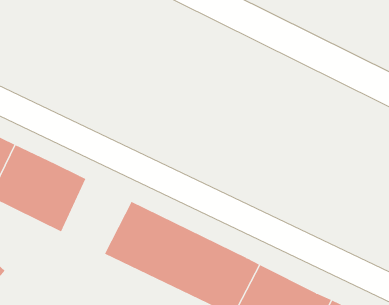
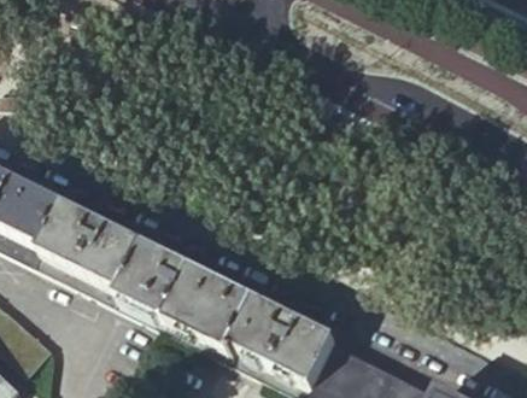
building: none -> [115,240,193,324]

